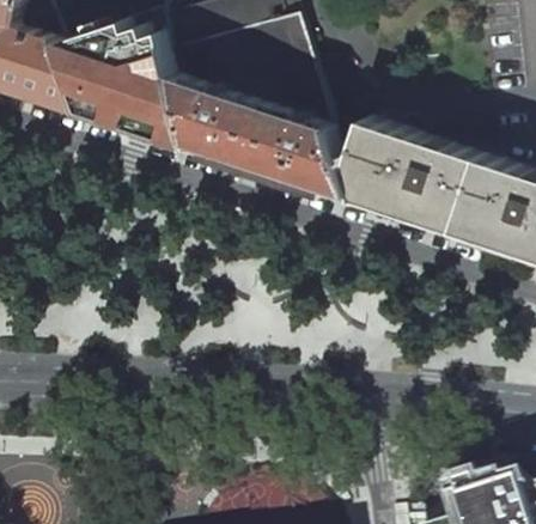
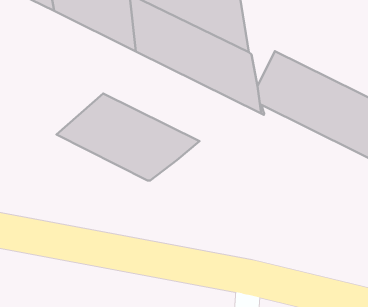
building: none -> [56,93,200,181]

